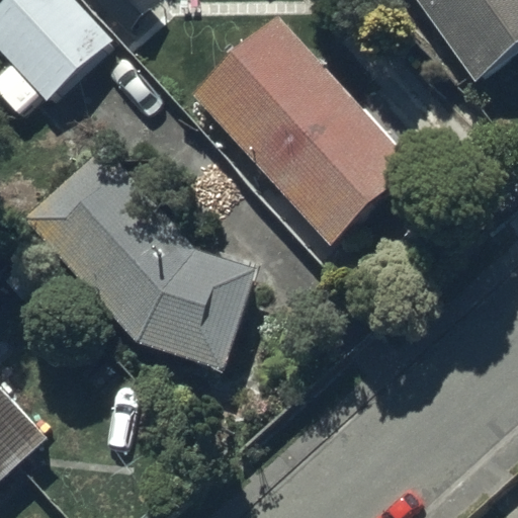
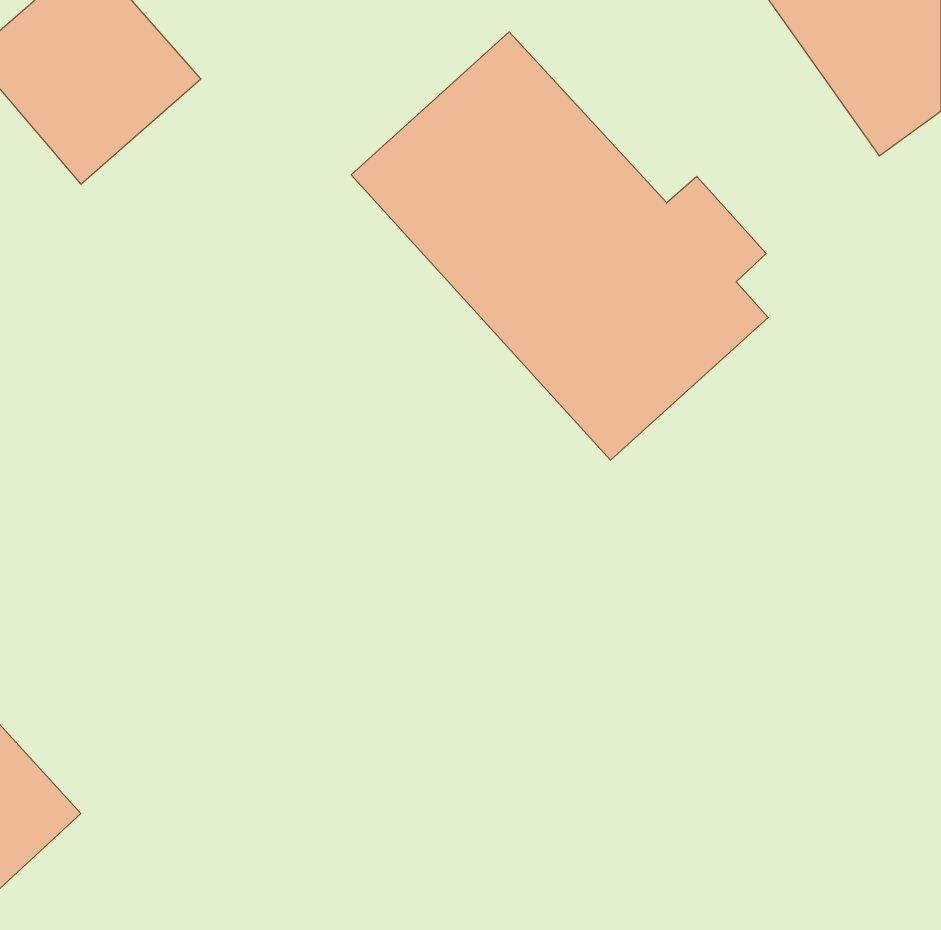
building: [48,154,252,359] -> none

